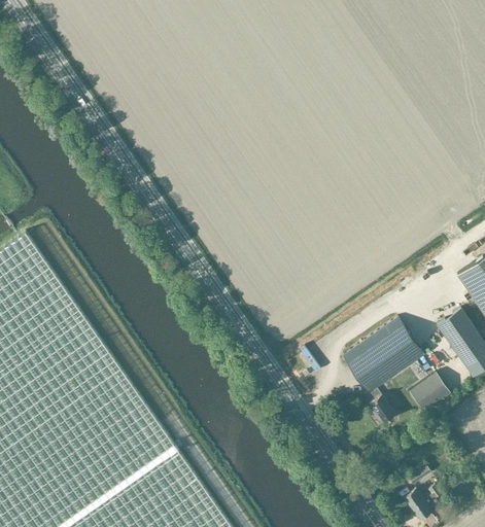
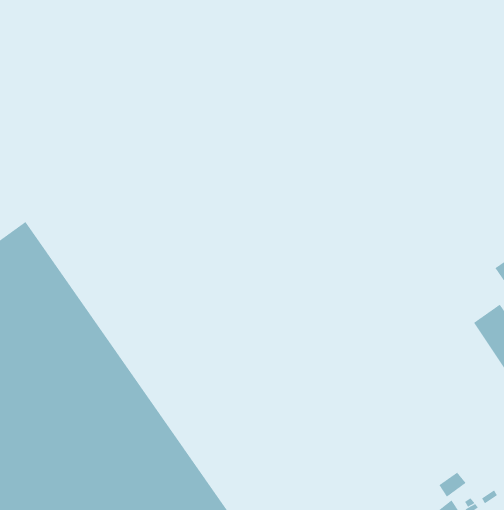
building: [343,317,425,423] -> none
building: [410,372,452,412] -> none

